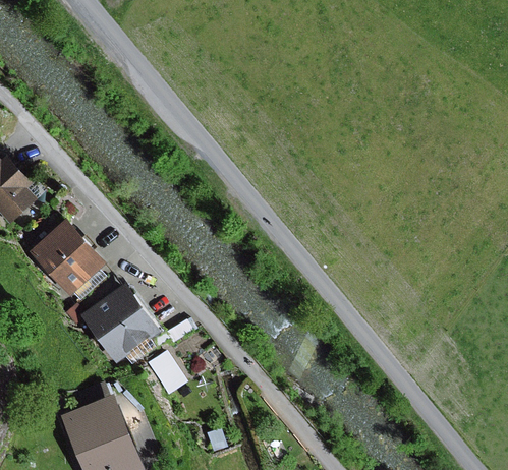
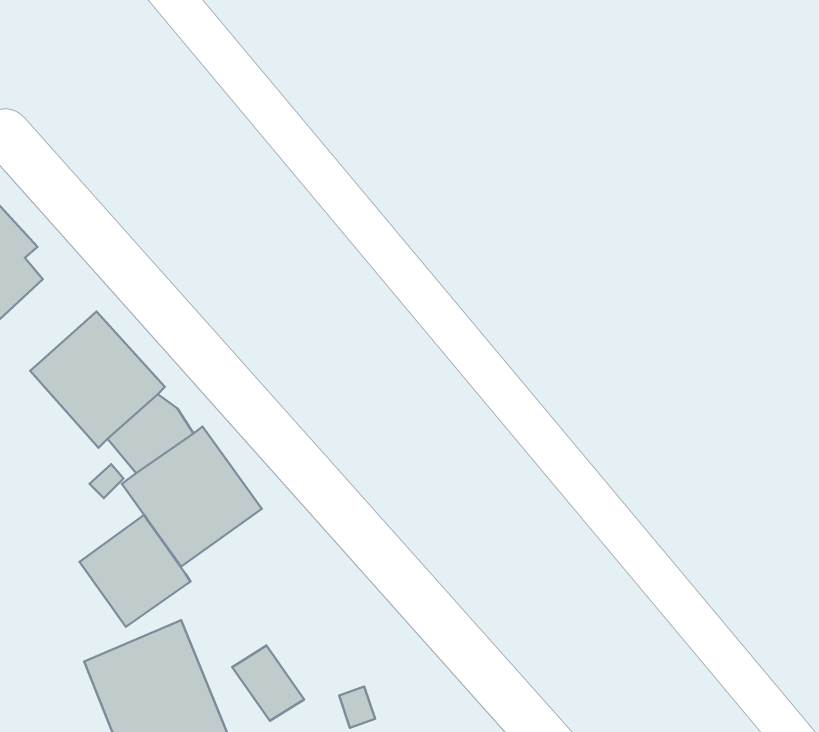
building: none -> [79,515,191,627]
building: [146,352,186,395] -> [232,646,304,721]

